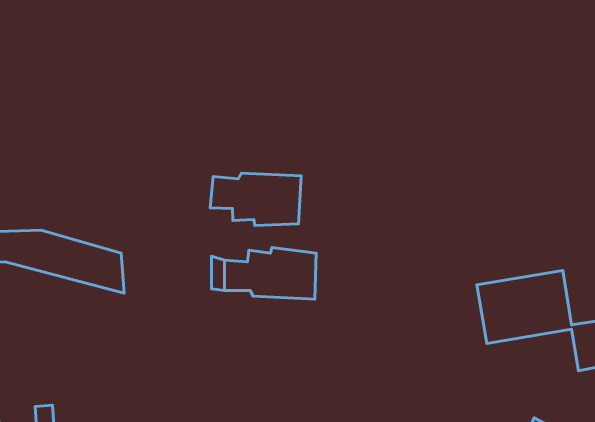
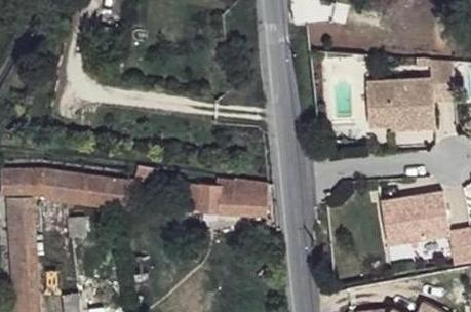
building: none -> [367,62,456,130]
building: [210,173,301,226] -> none

